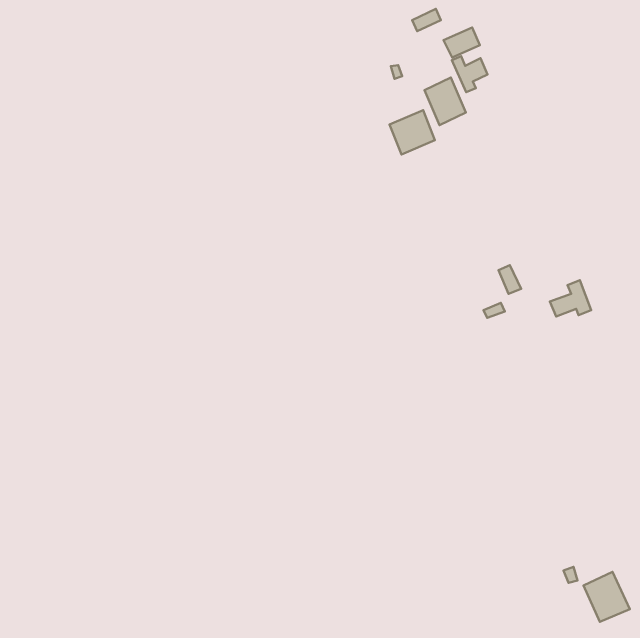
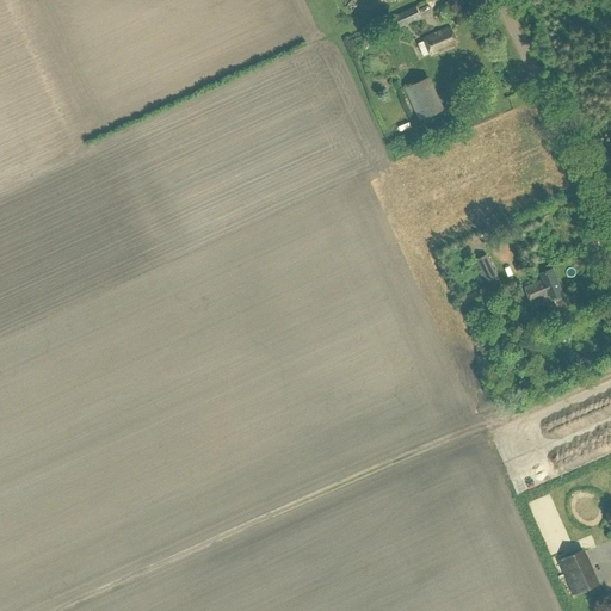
building: [452,56,488,92] -> none
building: [390,110,435,155] -> none

